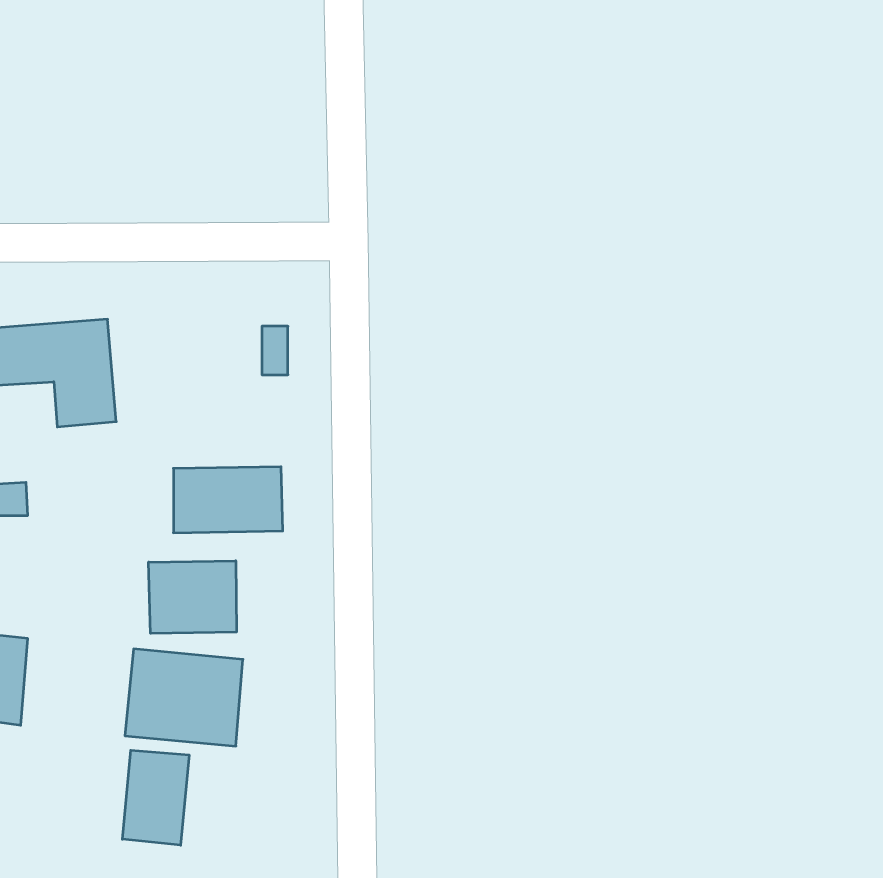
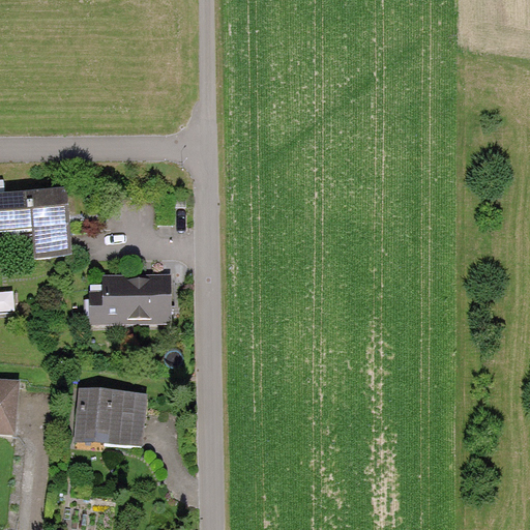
building: [149,561,236,633] -> none
building: [122,750,189,845] -> none

